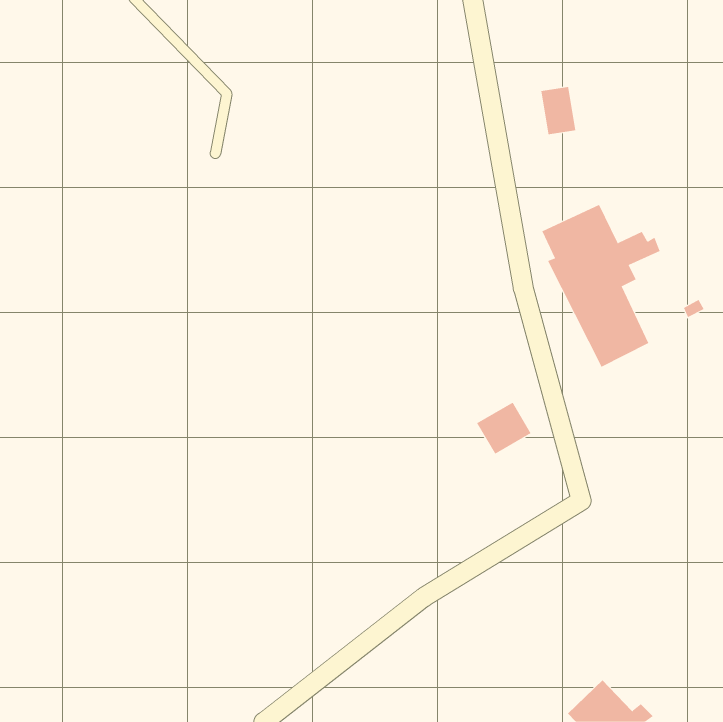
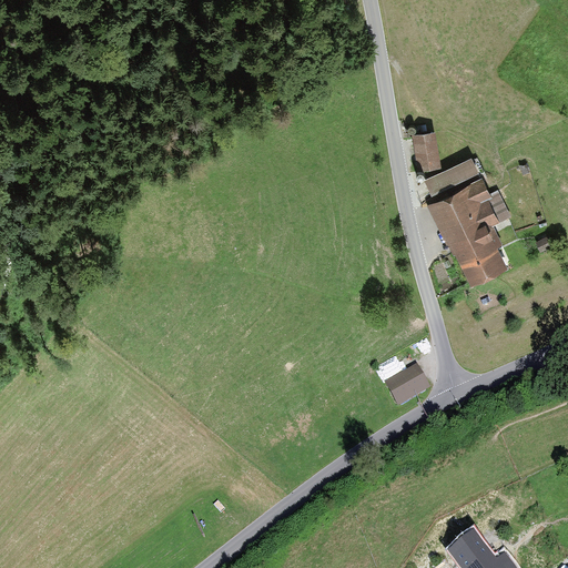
building: [541,87,576,135] -> [412,132,439,170]
building: [476,402,532,454] -> [383,363,426,404]

